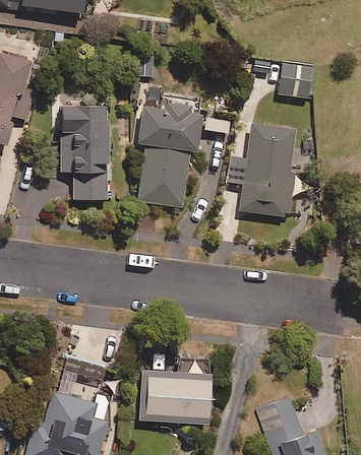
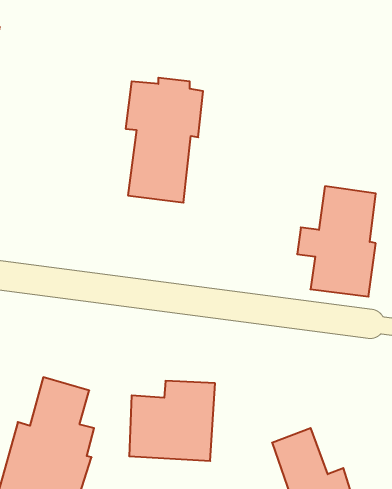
building: [279,62,312,99] -> none
building: [53,99,110,201] -> none
building: [229,125,295,217] -> [297,186,376,297]

